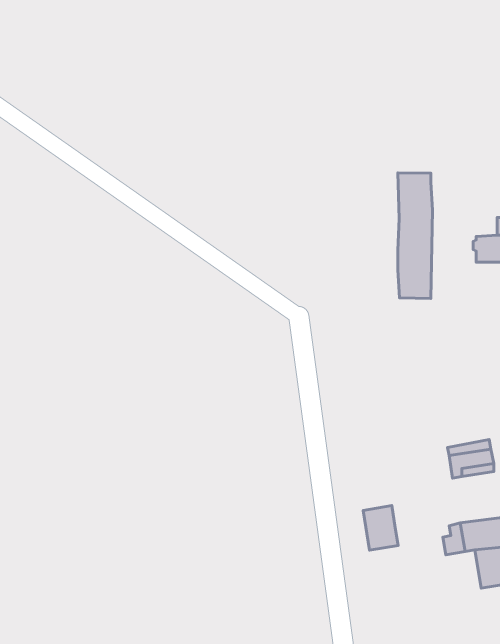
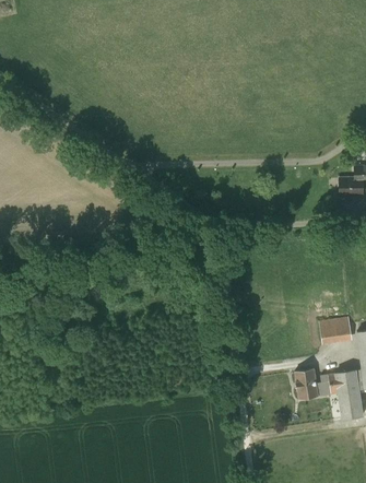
building: [398,173,432,298] -> none
building: [363,506,398,550] -> [294,368,318,399]

